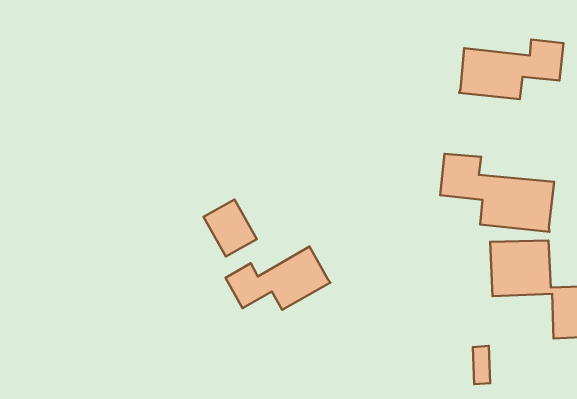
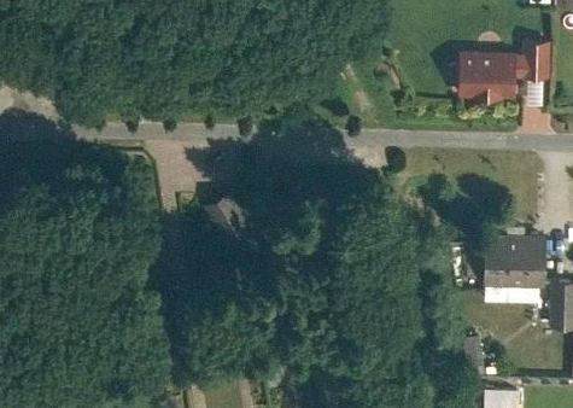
building: [440,154,554,232] -> none
building: [225,246,330,310] -> none

